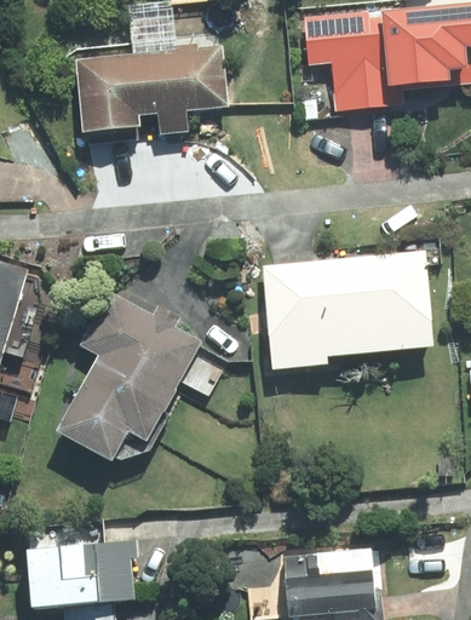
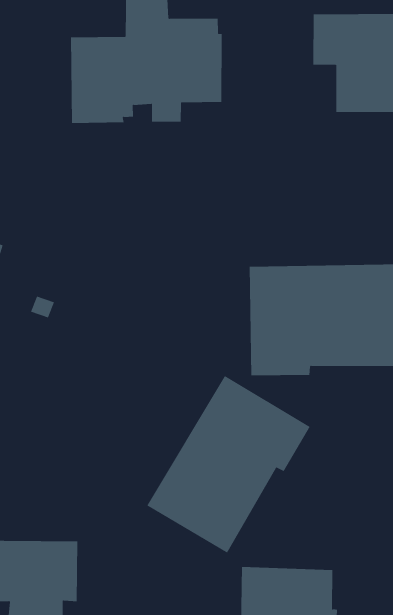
building: [63,291,205,458] -> none
building: none -> [146,375,310,553]

